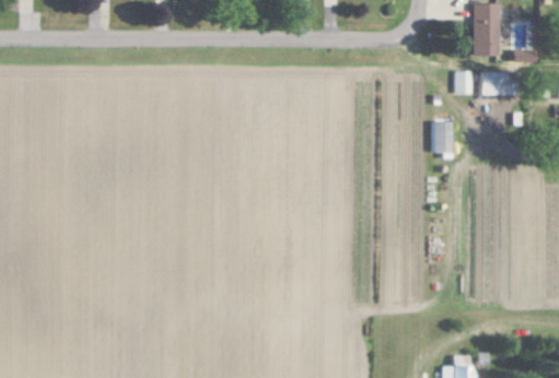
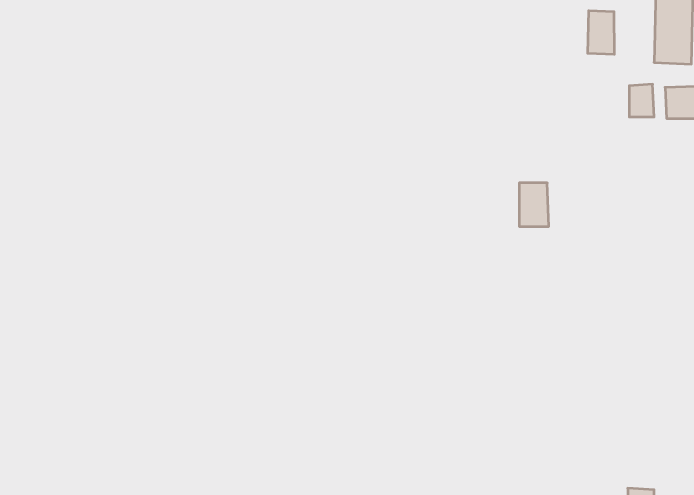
building: none -> [588,11,614,54]
building: [433,122,454,153] -> [519,183,549,226]

